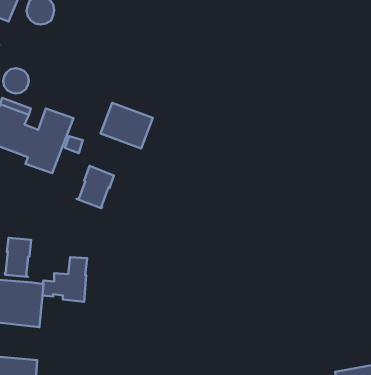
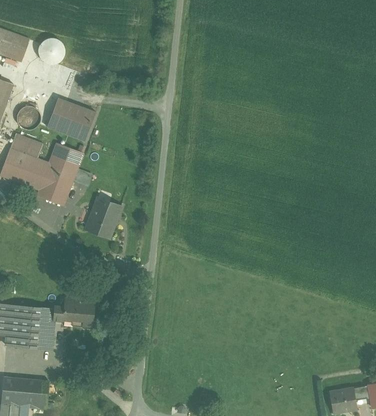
building: [101,103,153,148] -> [46,98,95,141]
building: [5,238,31,277] -> none

